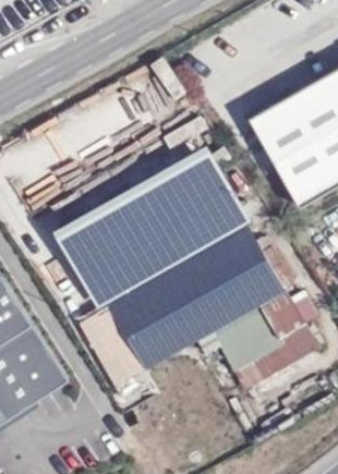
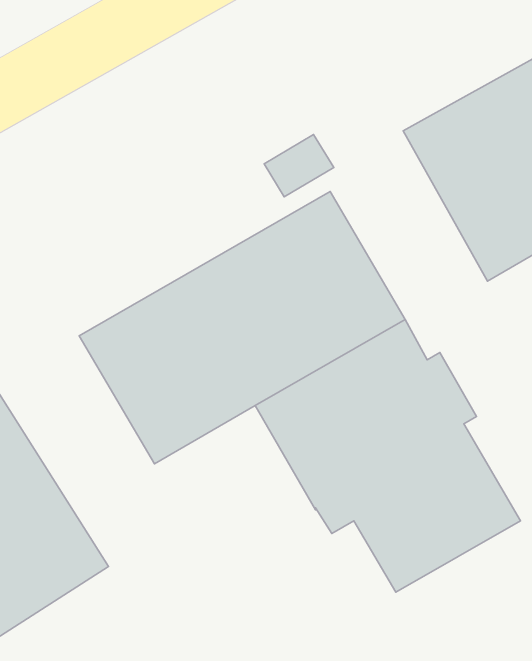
building: [79,280,196,404] -> none

